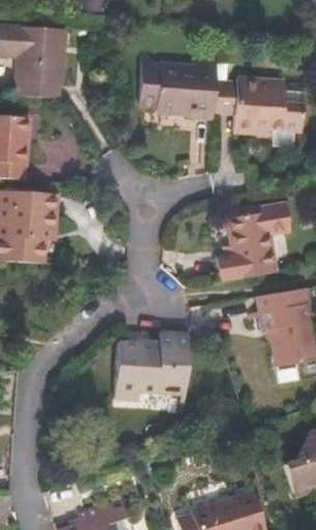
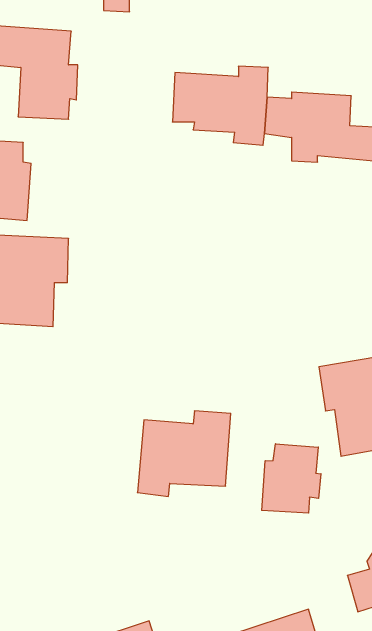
building: [226,202,292,279] -> none
building: none -> [262,444,321,513]

